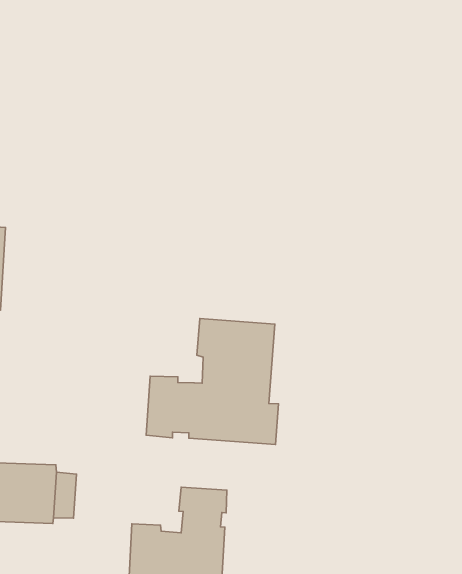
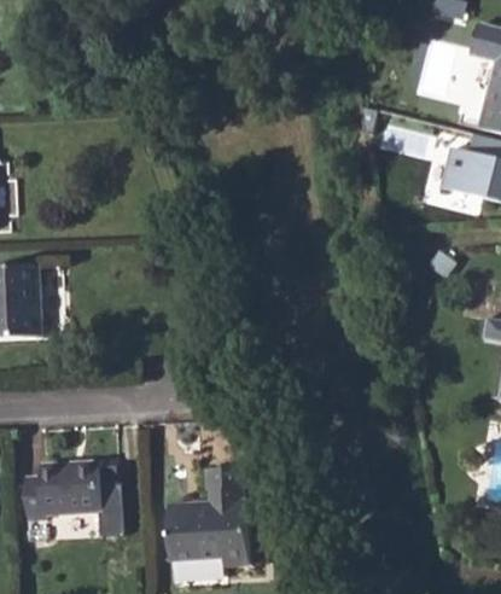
building: [146,318,279,444] -> none

